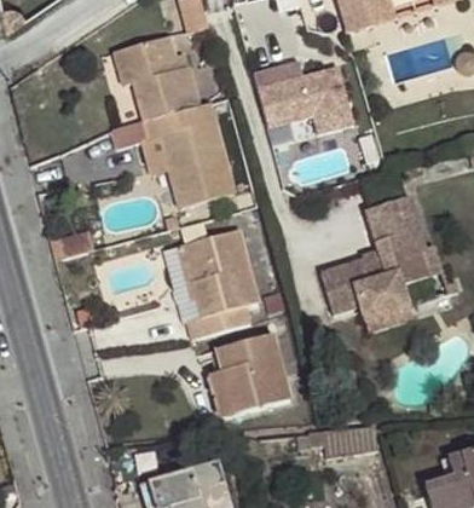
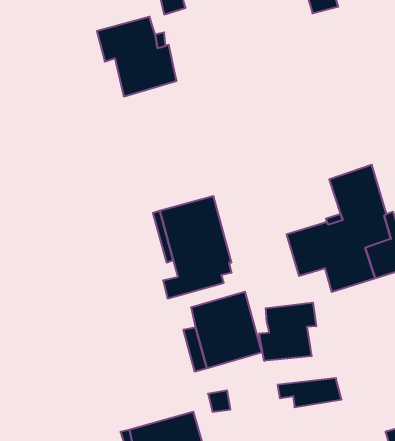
building: [254,60,349,131] -> none
building: [141,98,235,208] -> none
building: none -> [259,303,316,361]

